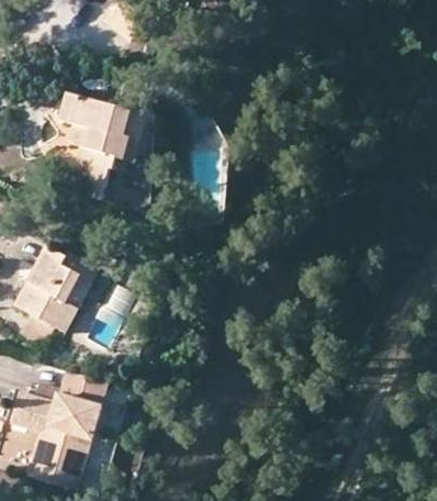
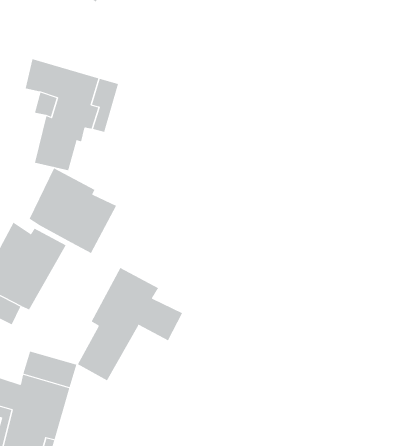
building: none -> [29,167,117,254]
building: none -> [77,267,183,381]

